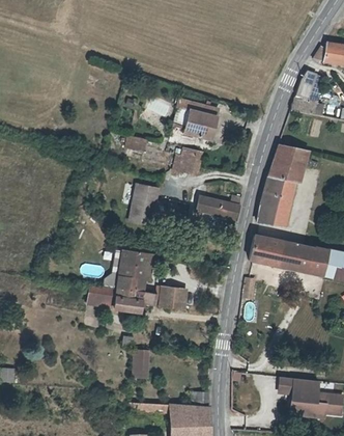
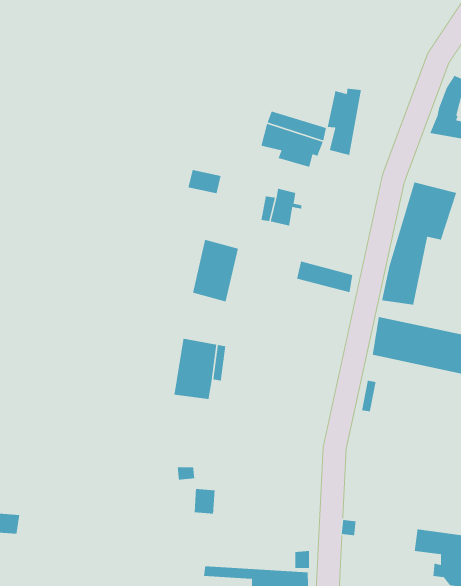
building: none -> [327,88,362,156]
building: [87,287,156,311] -> none
building: [161,287,185,309] -> none

